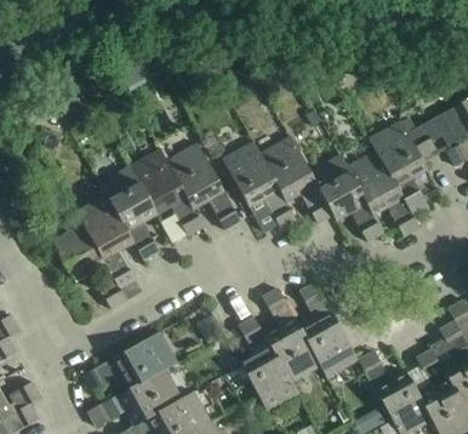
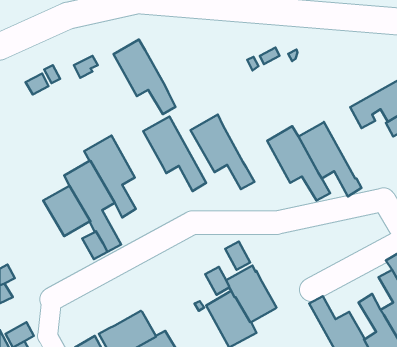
building: [369,120,428,215] -> none
building: [259,136,333,222] -> none
building: [131,148,202,234] -> [114,40,176,114]
building: [299,281,358,376] -> none
building: [82,331,177,389] -> none

